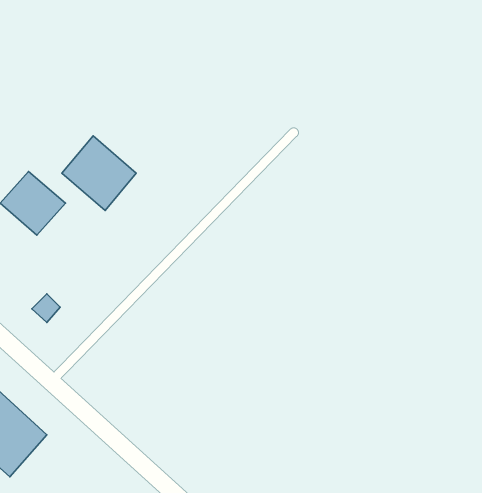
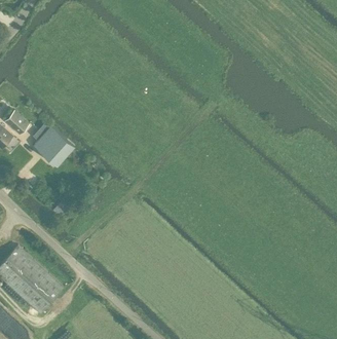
building: [62,136,136,210] -> none

